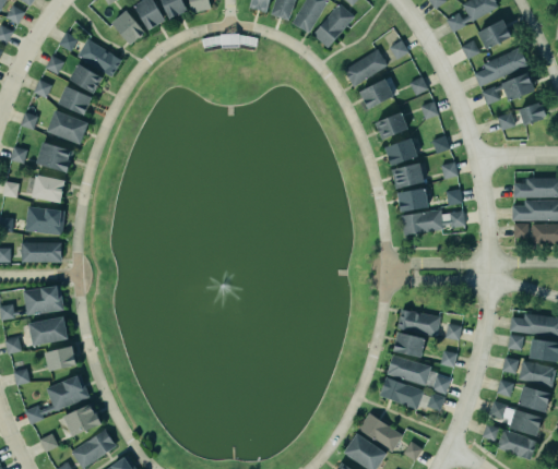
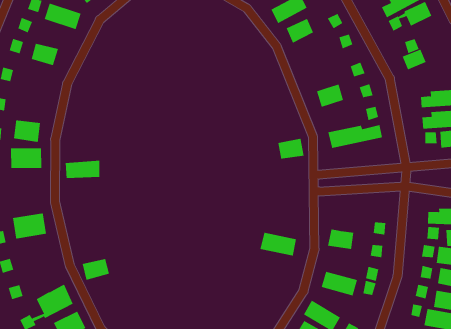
building: [70,64,104,94] -> none
building: [519,103,547,127] -> [402,49,426,70]
building: [47,110,88,145] -> none
building: [375,110,407,139] -> none
building: [385,139,417,166] -> none
building: [36,143,74,173] -> none
building: [397,189,428,212] -> [277,138,304,159]
building: [21,243,62,263] -> [65,160,100,179]
building: [397,310,440,336] -> none
building: [28,316,69,347] -> none
building: [45,348,76,372] -> [82,258,110,280]
building: [387,356,431,386] -> [260,232,297,256]

